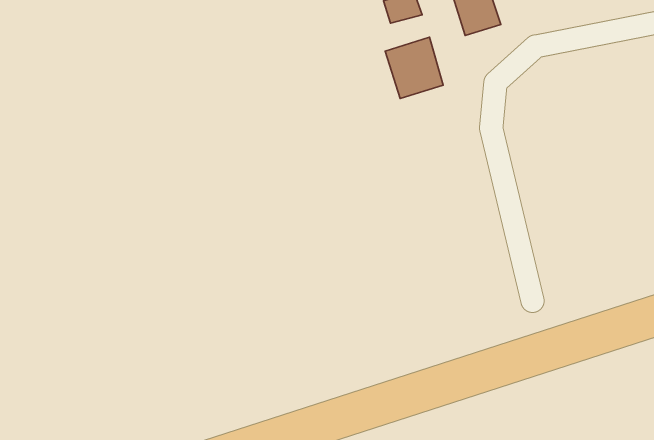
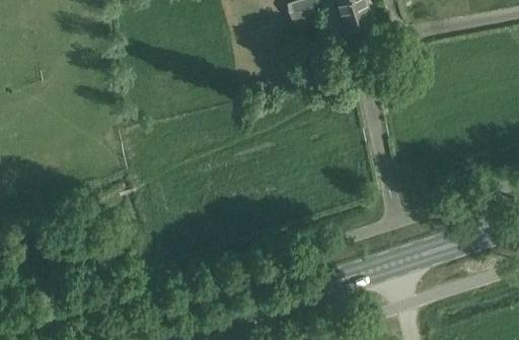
building: [385,37,443,99] -> none

